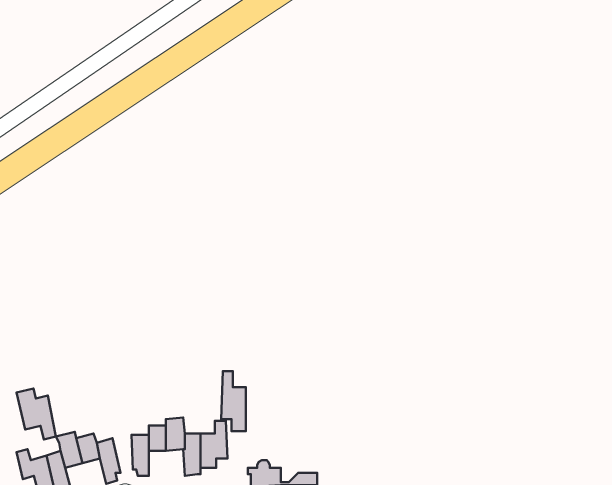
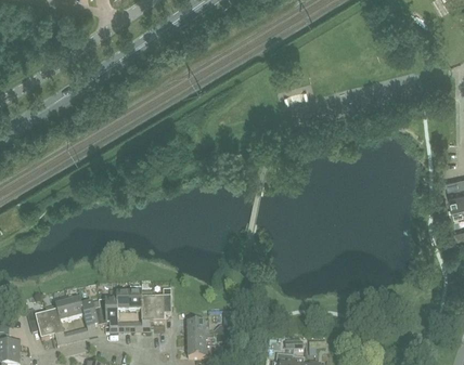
building: [221,371,246,431] -> none
building: [16,388,56,439] -> none

